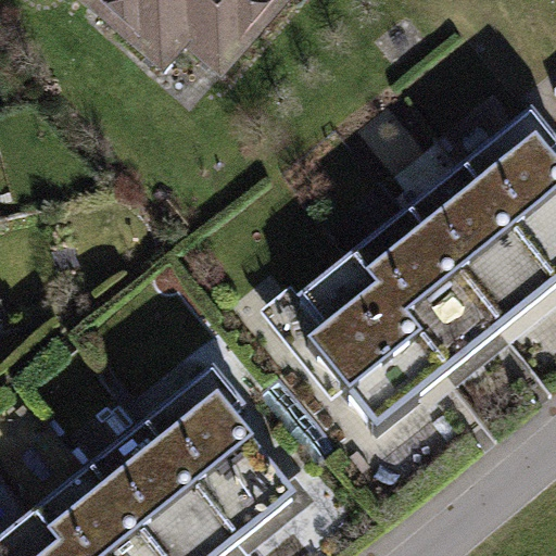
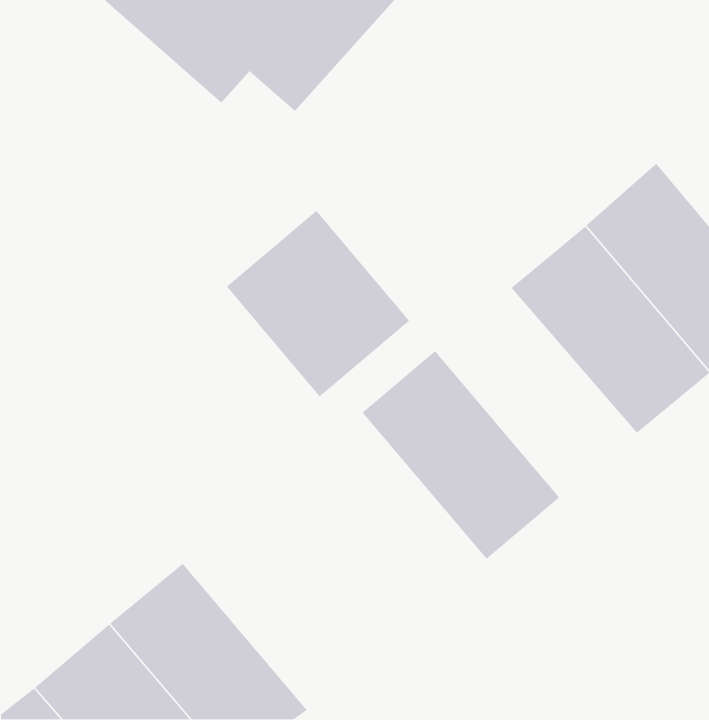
building: none -> [226,210,410,397]
building: [345,220,500,381] -> none
building: [152,383,303,544] -> none

